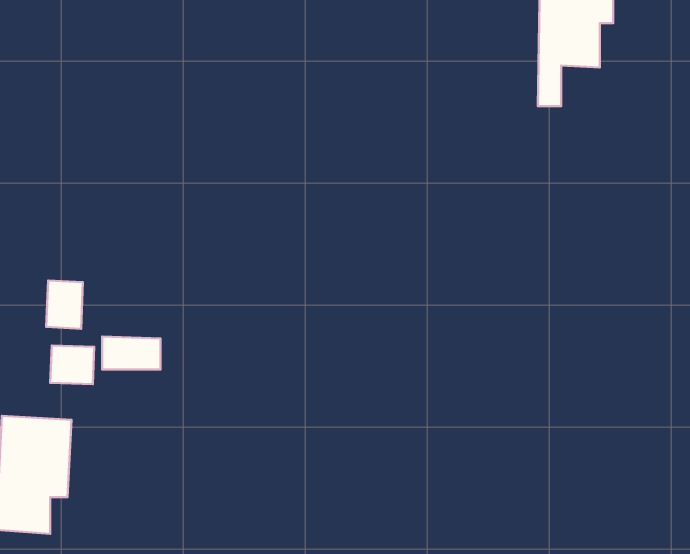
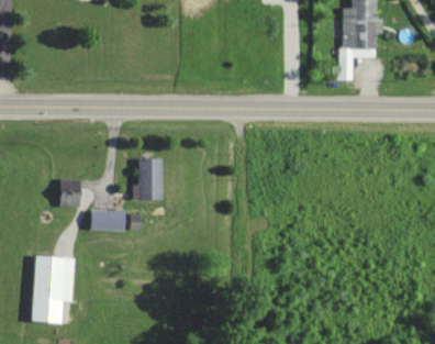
building: none -> [132,157,163,199]
building: [50,345,94,384] -> none

